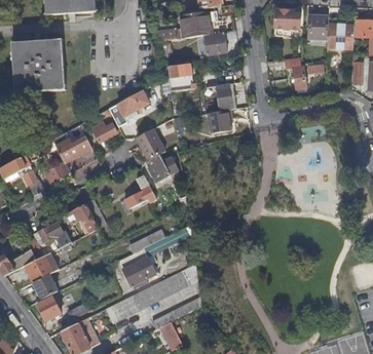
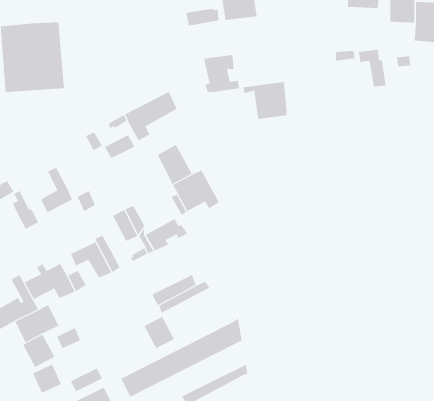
building: [204,30,235,55] -> none
building: [207,109,232,132] -> none
building: [55,137,91,163] -> none

